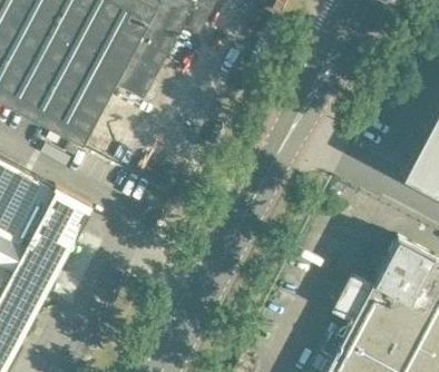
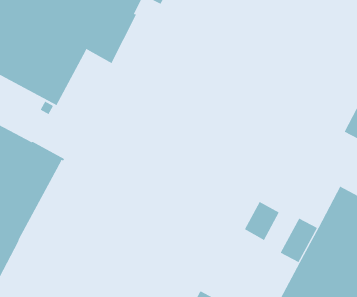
building: none -> [244,201,280,241]

